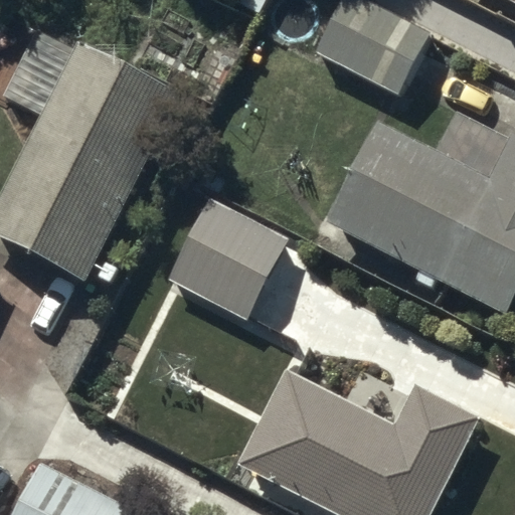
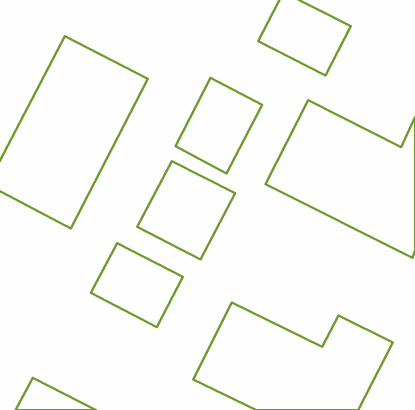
building: none -> [175,78,262,173]
building: none -> [91,243,183,327]

